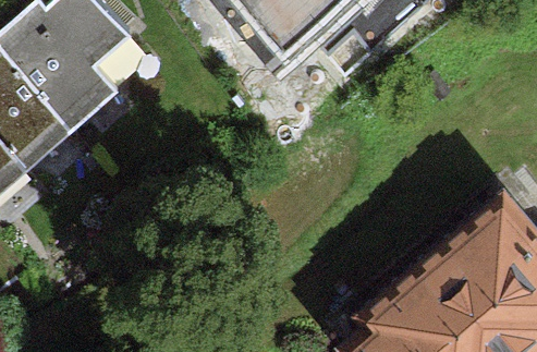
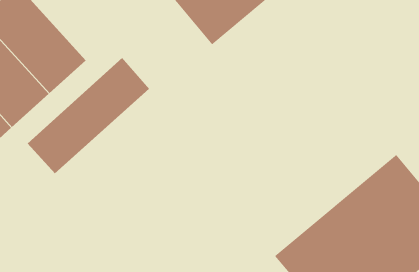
building: none -> [27,57,150,174]

